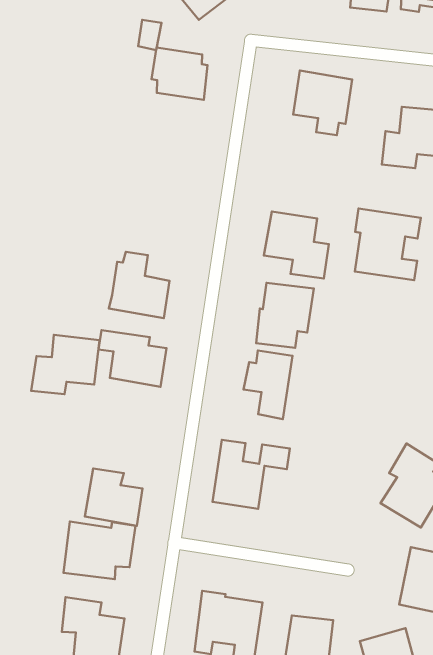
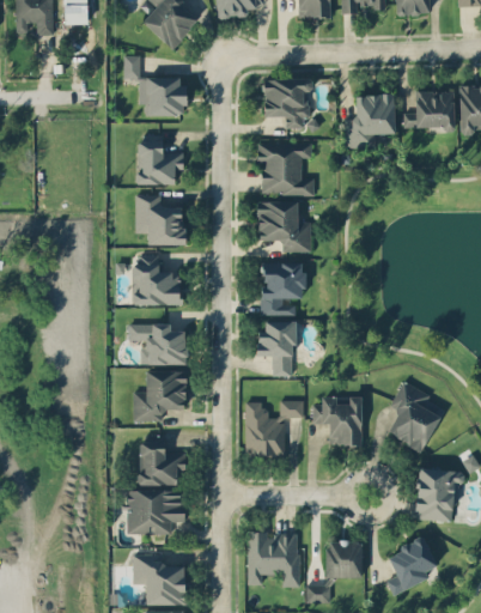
building: none -> [136,141,184,184]
building: none -> [135,194,187,244]
building: [355,208,421,280] -> [258,140,315,194]
building: [31,335,100,394] -> [134,370,187,421]
building: none -> [313,396,364,445]

